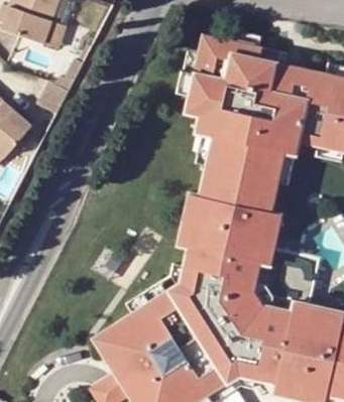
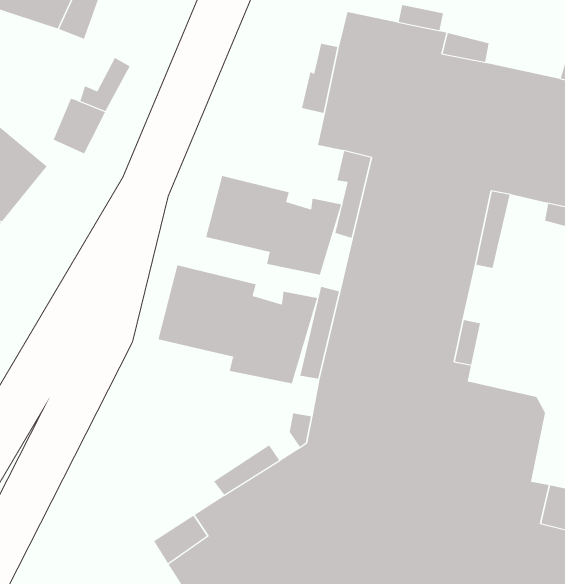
building: none -> [205,175,342,275]
building: none -> [158,264,318,384]

